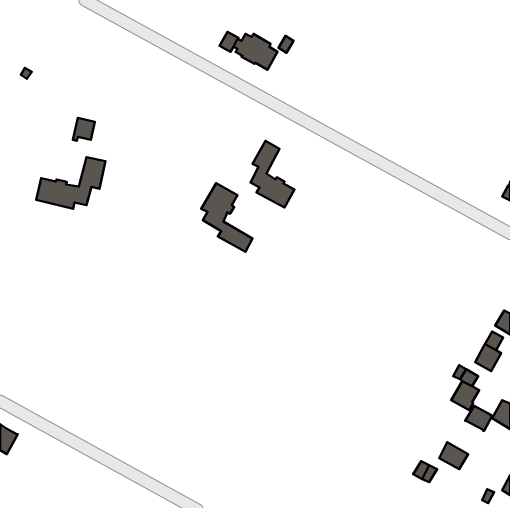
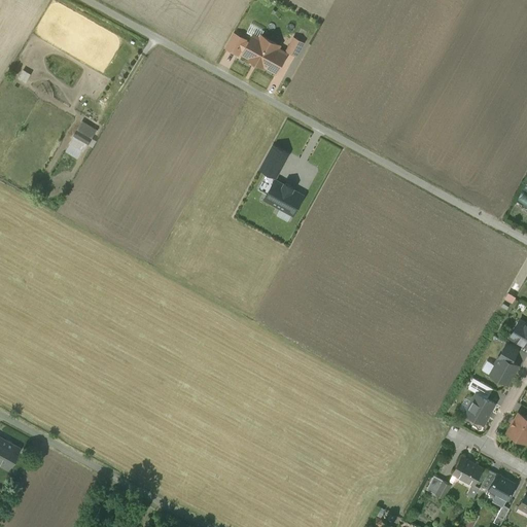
building: [36,157,105,209] -> none
building: [201,183,253,252] -> none
building: [465,406,492,431] -> [488,476,516,501]

